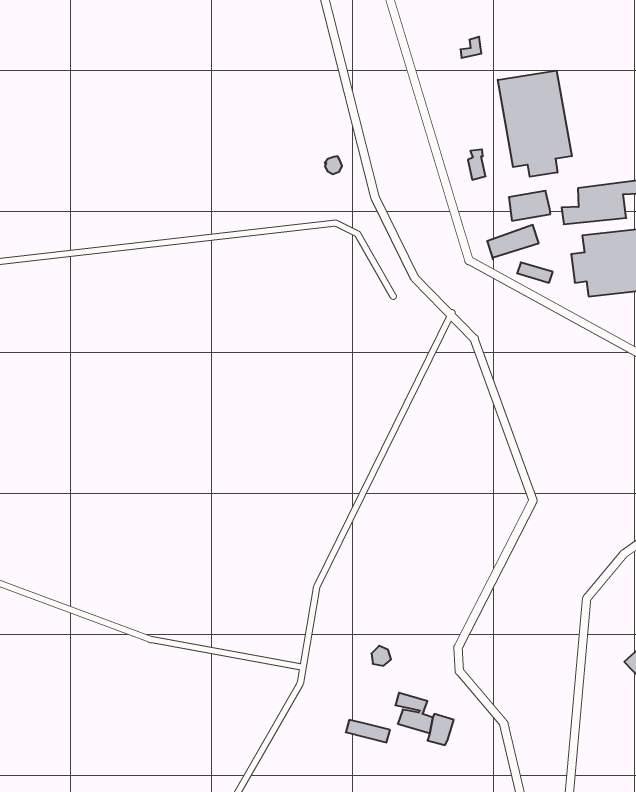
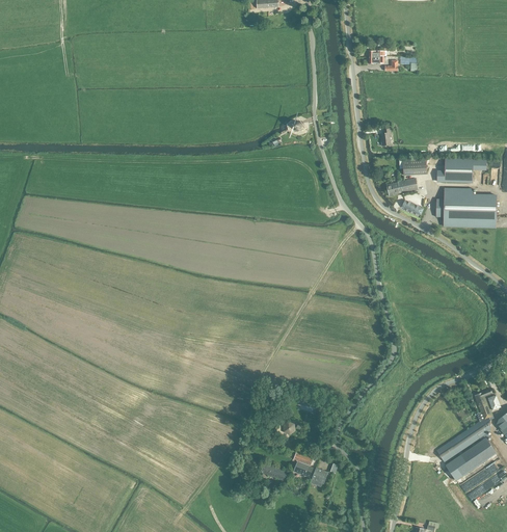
building: [498,71,572,177] -> none

